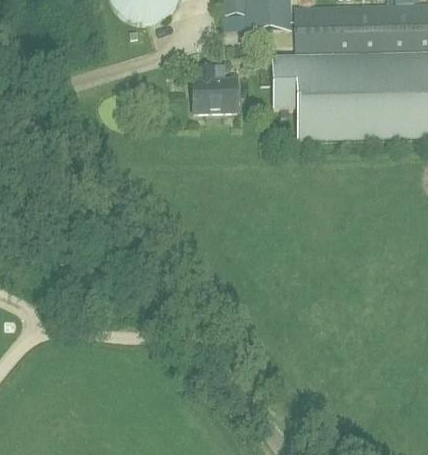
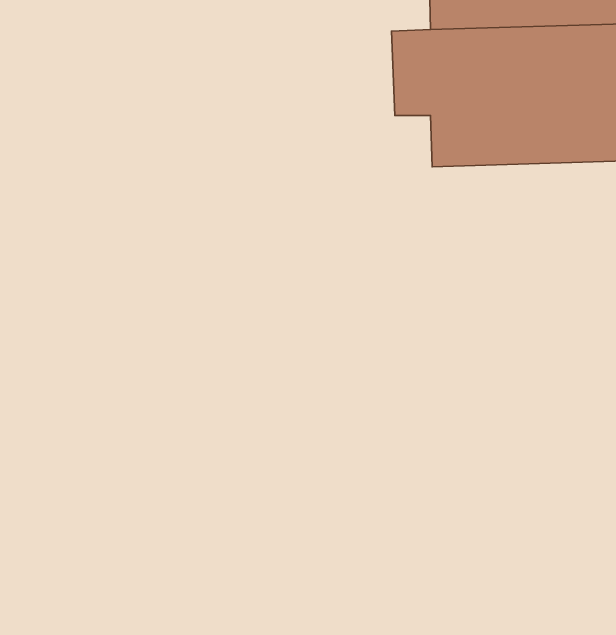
building: [192,63,237,111] -> none

